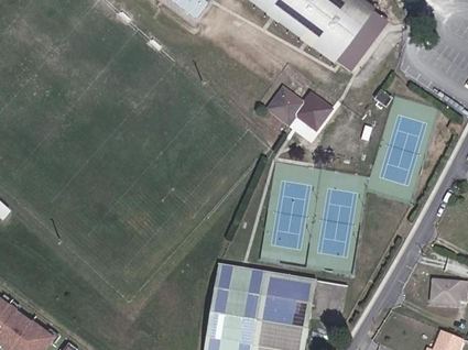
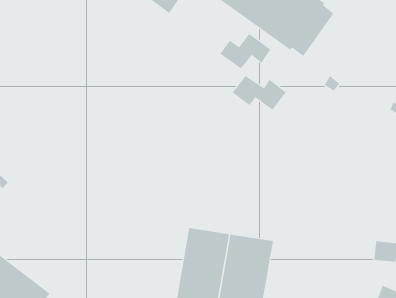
building: none -> [219,33,271,69]

